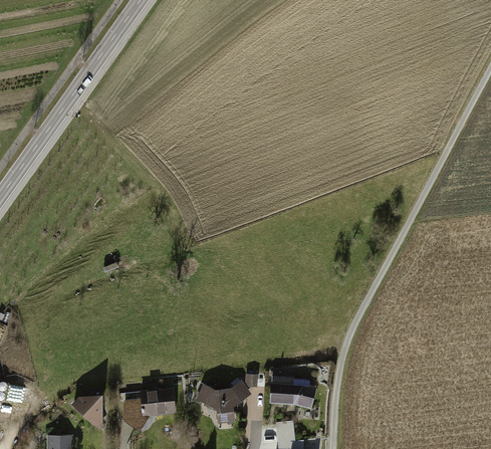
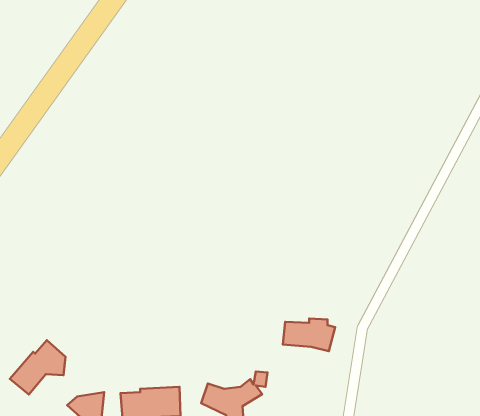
building: none -> [10,340,65,395]
building: [268,378,316,408] -> [283,318,335,351]

